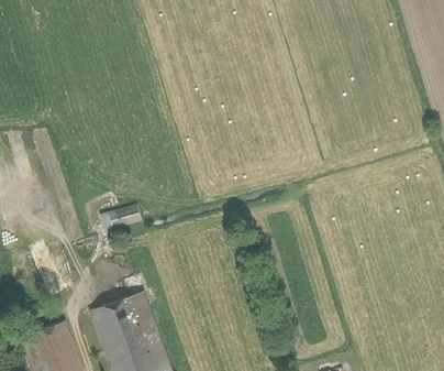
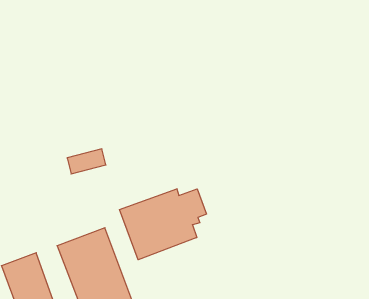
building: none -> [119,189,206,260]

